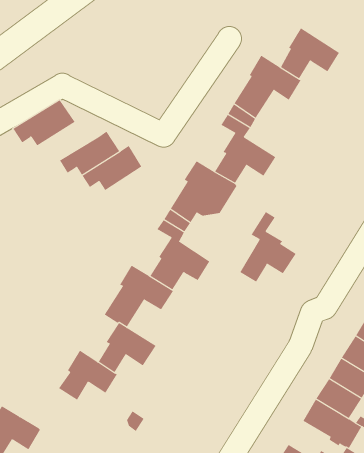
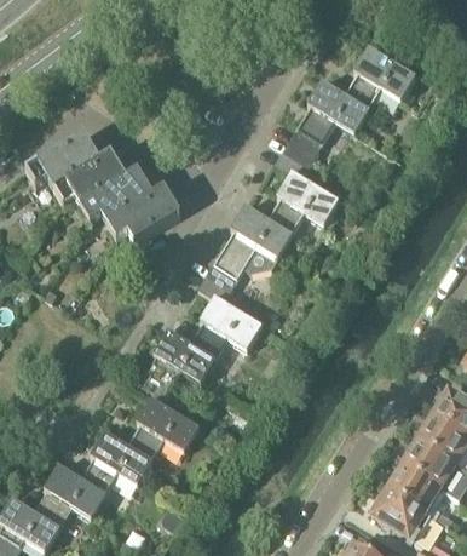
building: none -> [54,151,127,205]
building: [239,211,297,283] -> none
building: none -> [34,464,105,525]

